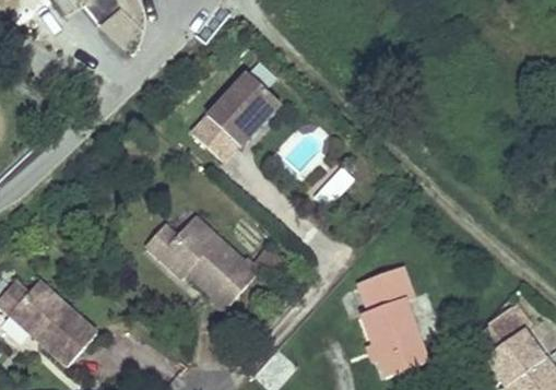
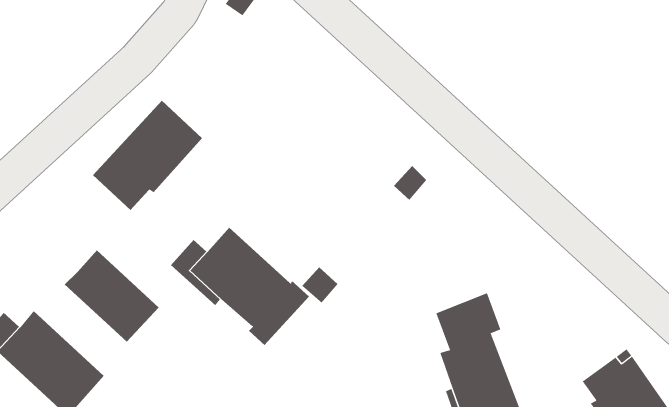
building: [191,71,280,159] -> [92,100,203,211]
building: none -> [64,250,160,342]

